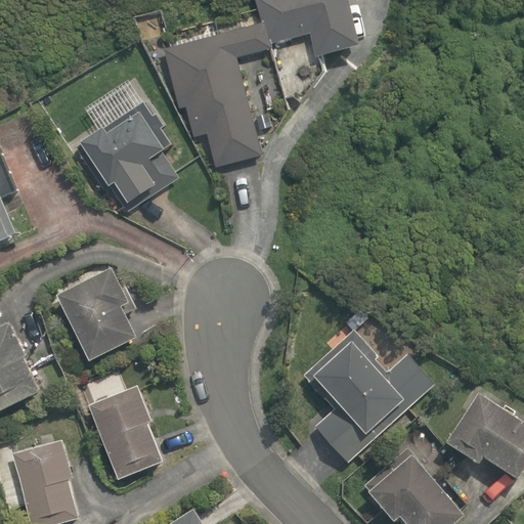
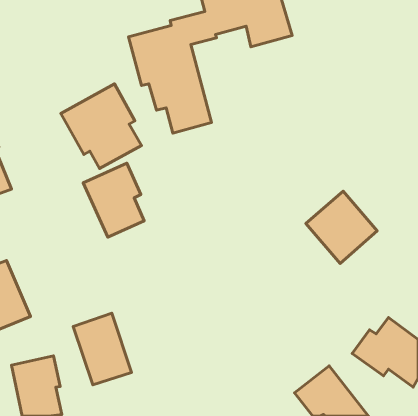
building: none -> [306,191,377,263]
building: [59,271,135,363] -> [83,163,144,237]
building: [312,339,428,455] -> none

